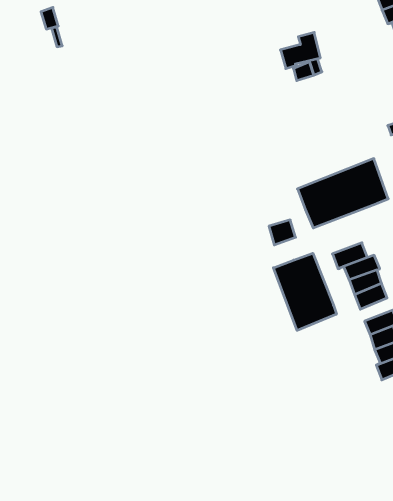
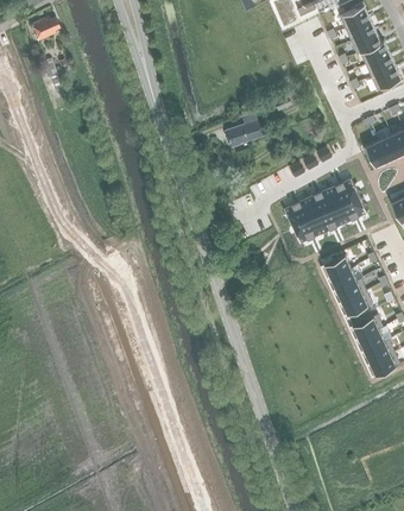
building: [280,32,320,69] -> [226,112,263,146]
building: [273,253,336,330] -> none

